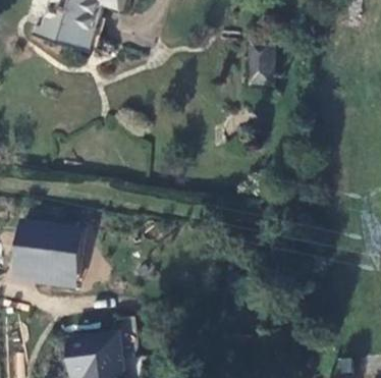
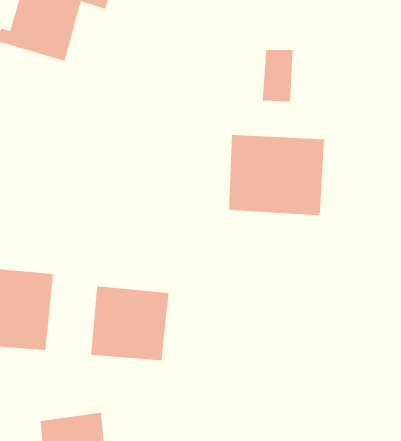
building: none -> [228,134,325,216]
building: none -> [90,285,169,361]

